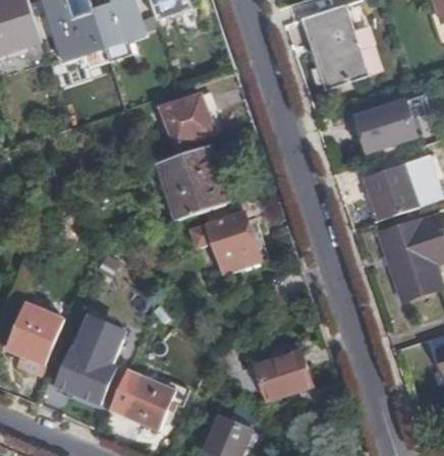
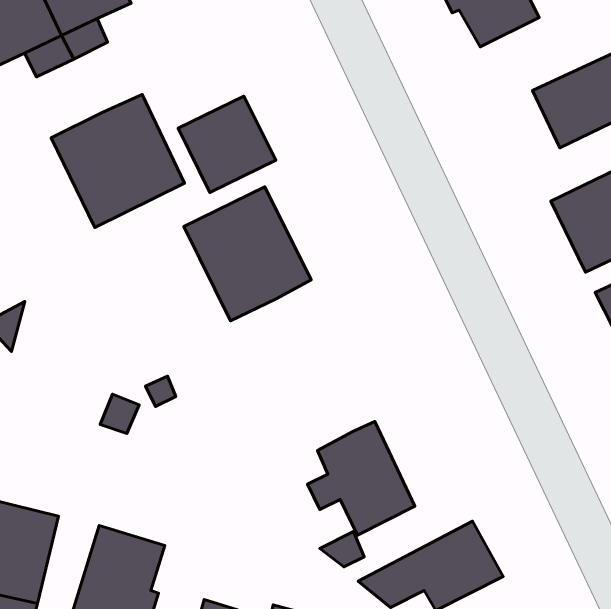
building: none -> [51,95,185,228]
building: [193,198,253,262] -> [308,421,415,535]

